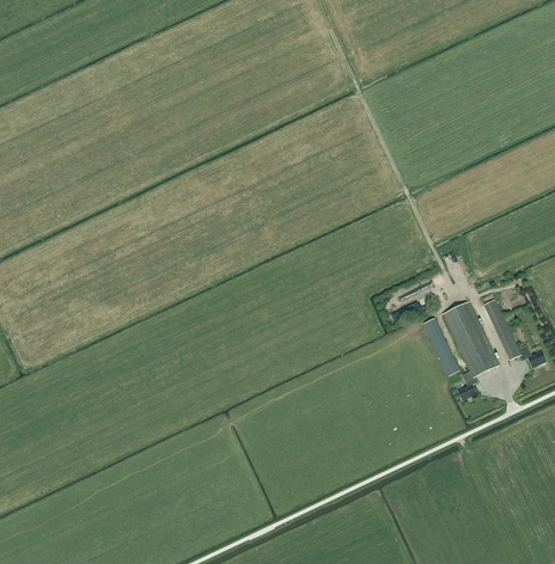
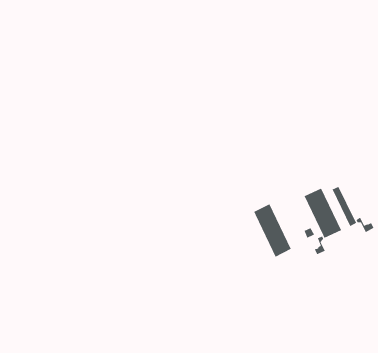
building: none -> [253,203,292,258]

